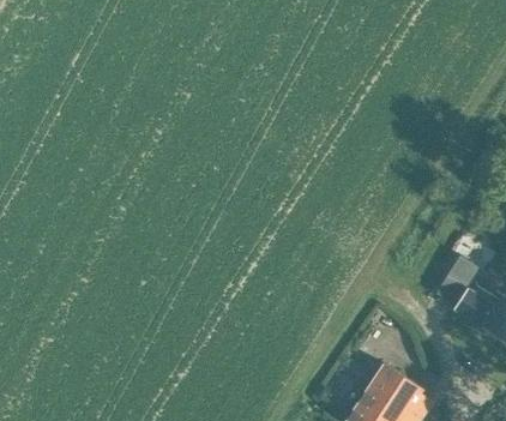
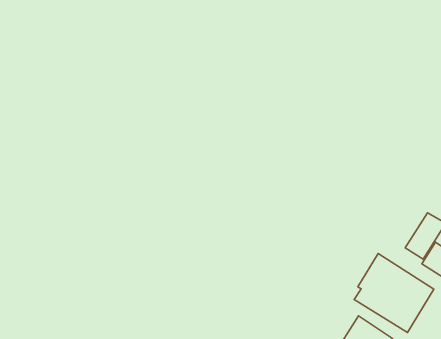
building: none -> [354,254,434,333]

